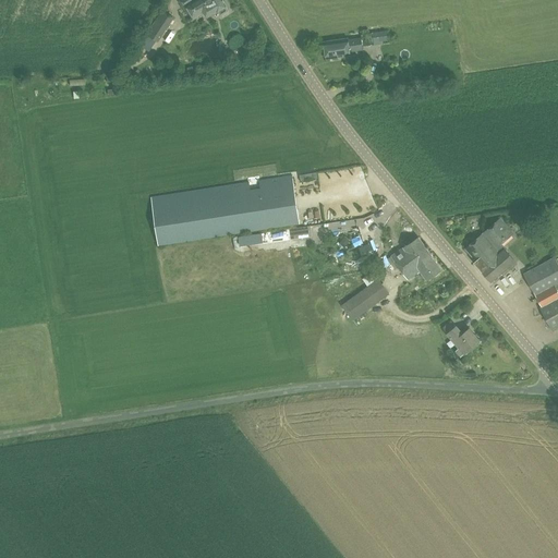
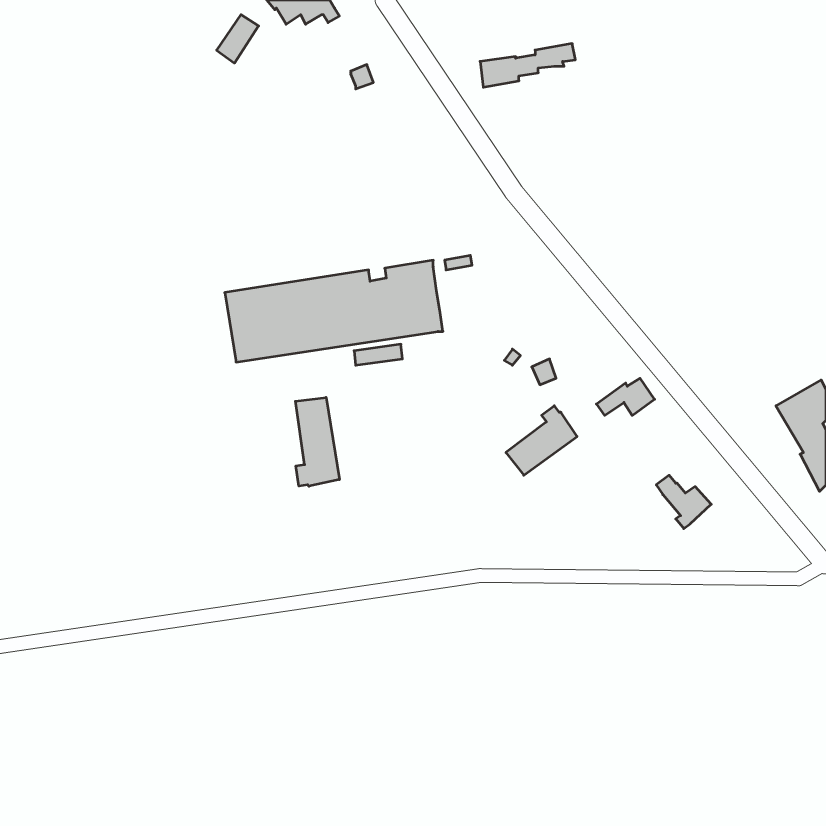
building: [465,218,515,281] -> none
building: [388,236,432,272] -> none
building: none -> [295,397,339,486]

